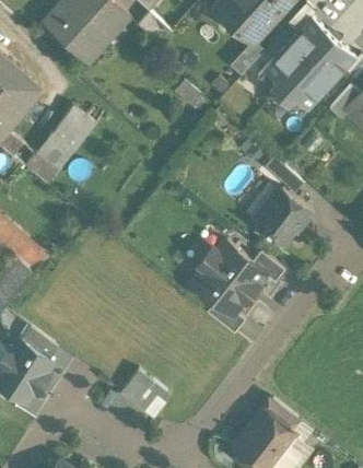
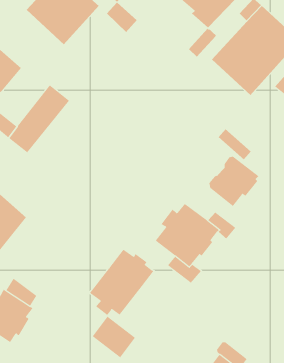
building: none -> [89,249,154,316]

